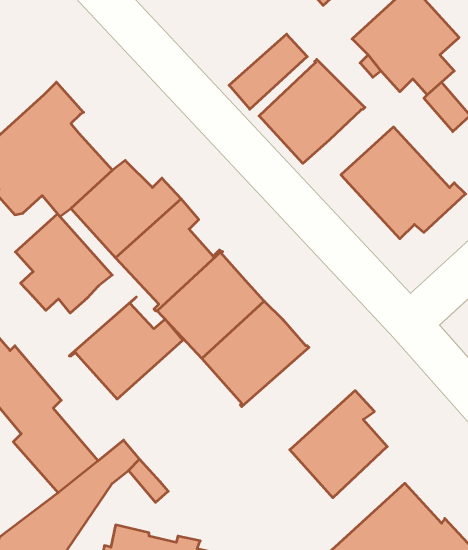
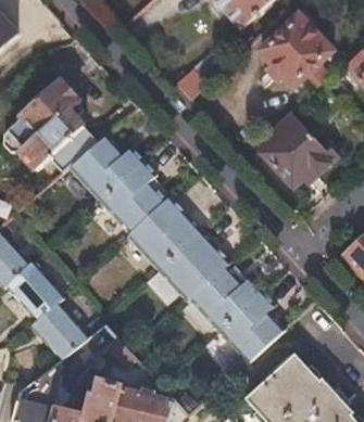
building: [259,59,365,163] -> none
building: [15,214,112,313] -> none
building: [69,297,183,399] -> [185,260,262,330]

